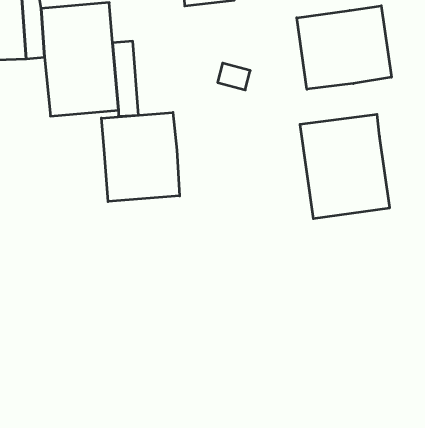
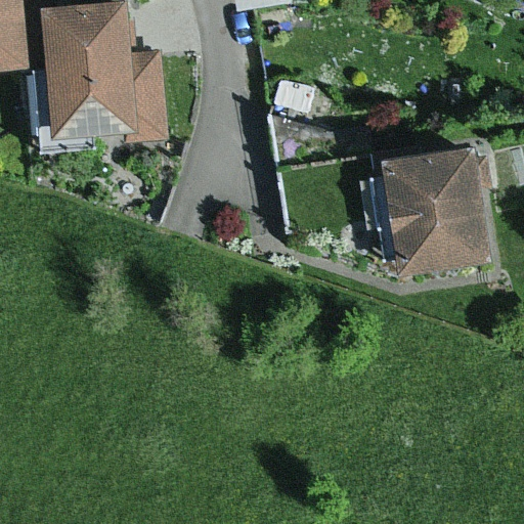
building: [297,6,391,89] -> none
building: [101,112,180,202] -> none

